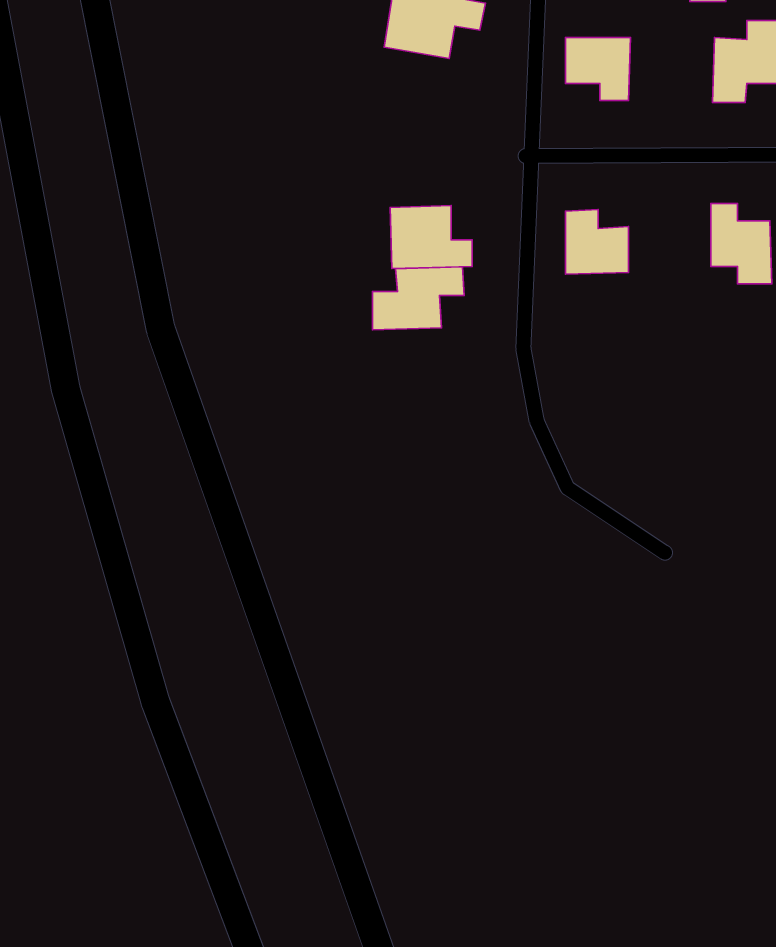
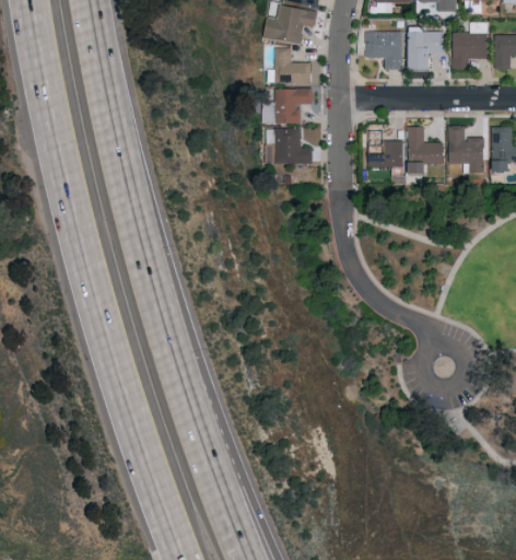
building: none -> [403,26,445,69]
building: none -> [274,48,312,83]
building: none -> [404,127,444,174]
building: [373,267,464,330] -> [261,88,314,124]

